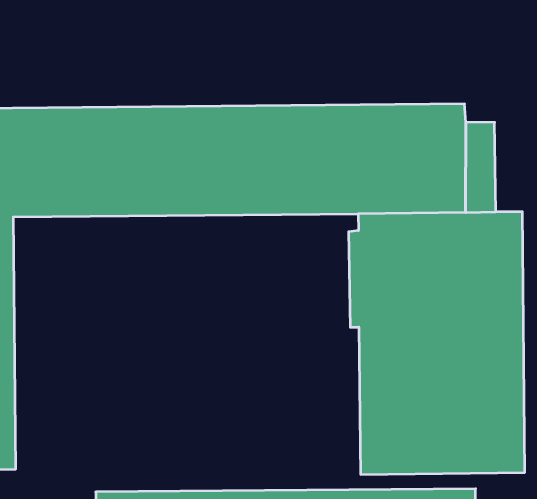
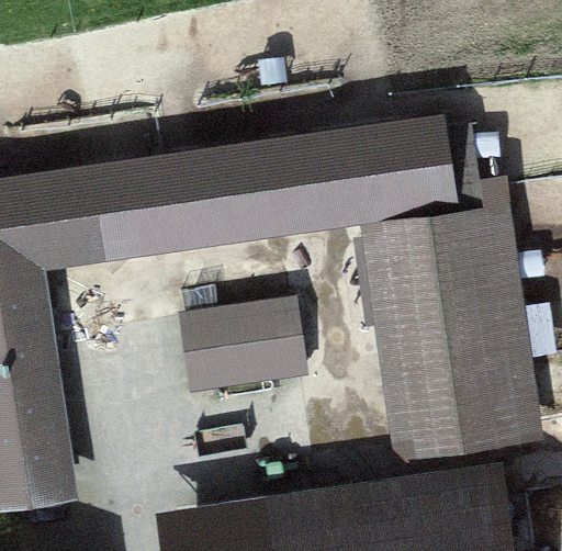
building: none -> [180,299,308,397]

